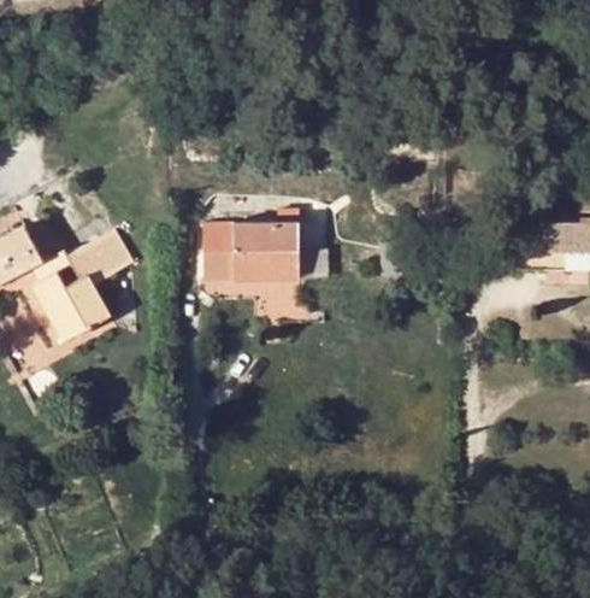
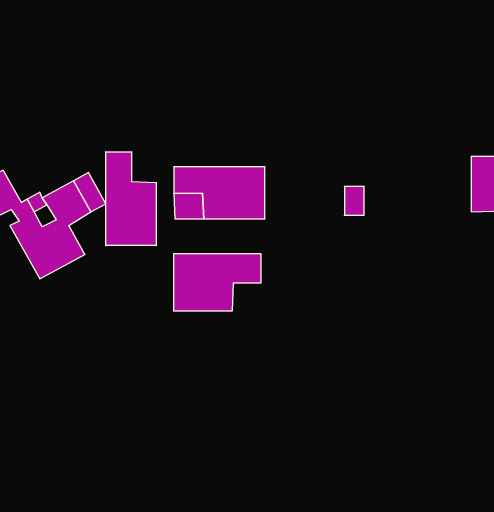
building: none -> [106,152,156,246]
building: none -> [174,254,261,311]

